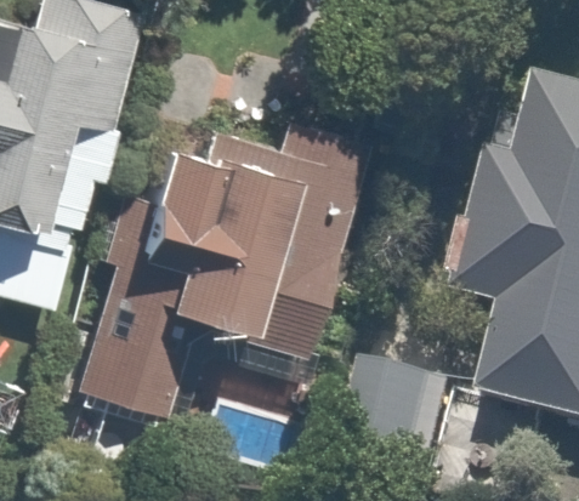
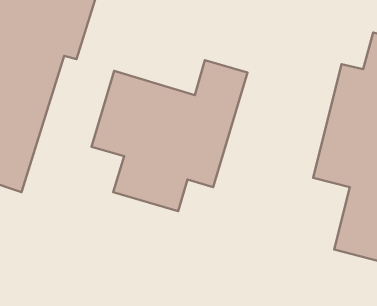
building: [58,313,195,423] -> none

